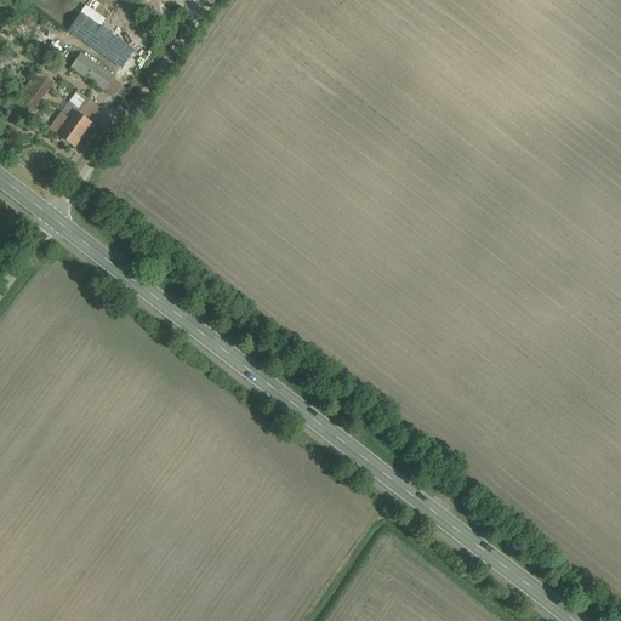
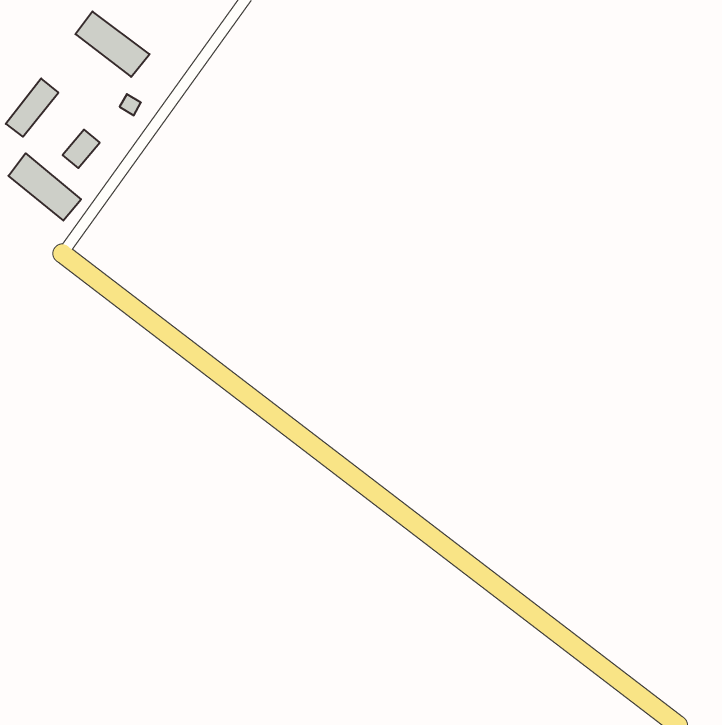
building: [70,50,112,87] -> none
building: none -> [8,153,81,221]

